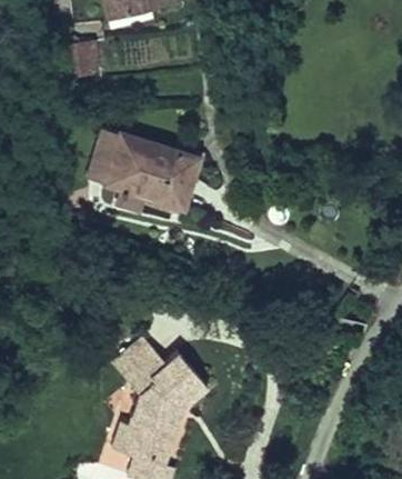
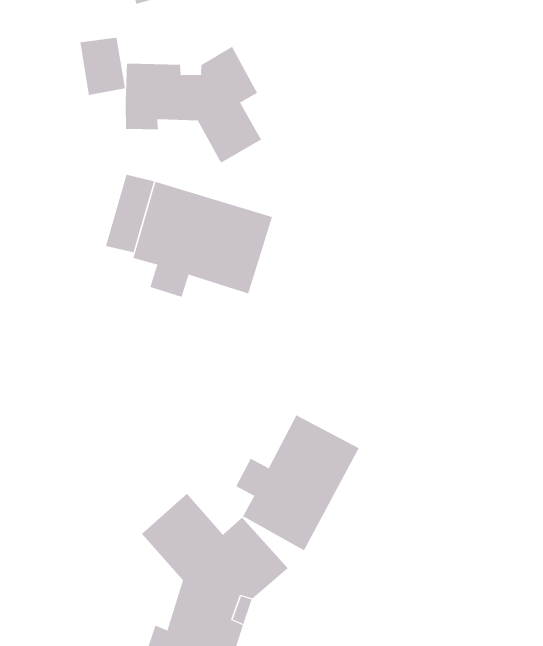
building: none -> [125,46,262,163]
building: none -> [235,415,360,551]

